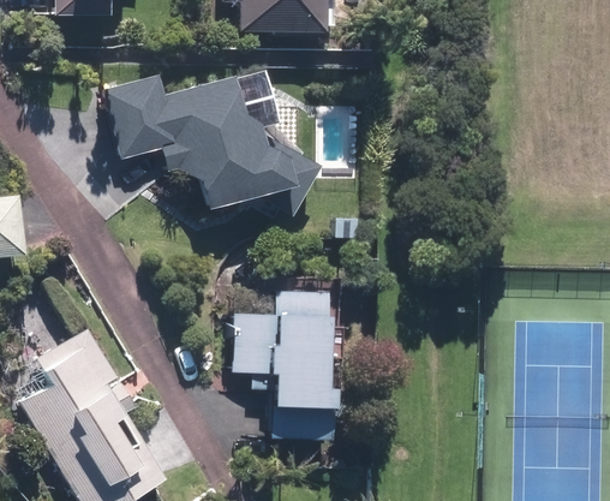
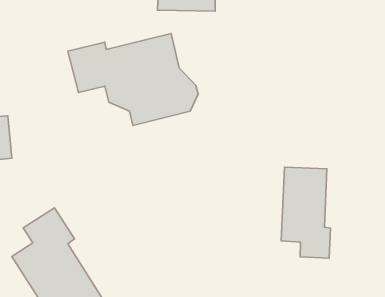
building: none -> [281,167,331,258]
building: [232,286,342,441] -> none

